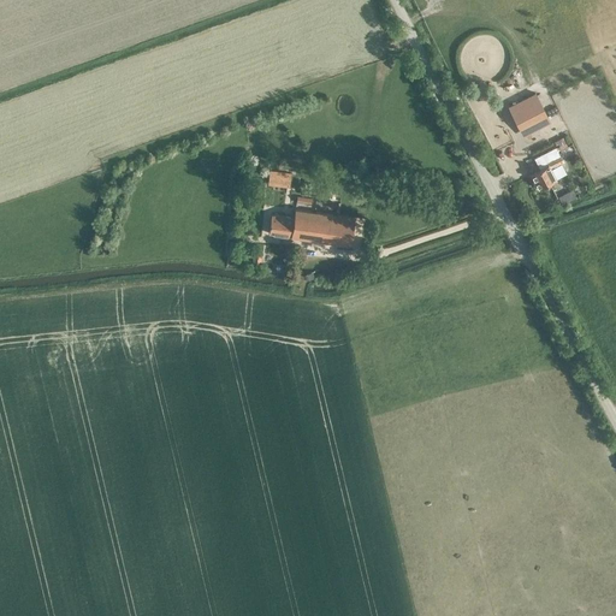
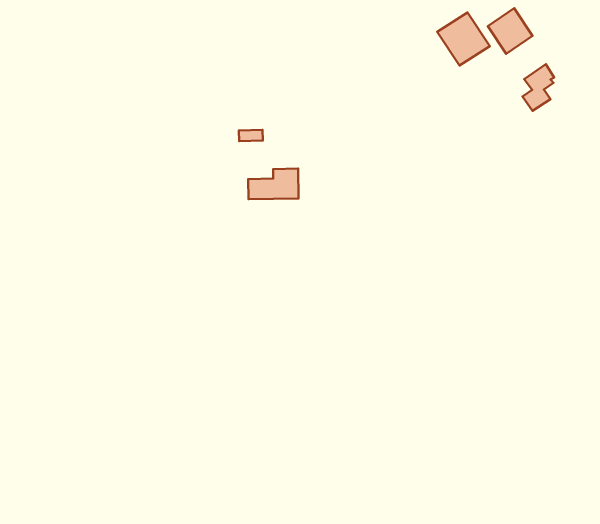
building: none -> [437,12,490,66]
building: [314,213,354,247] -> none

